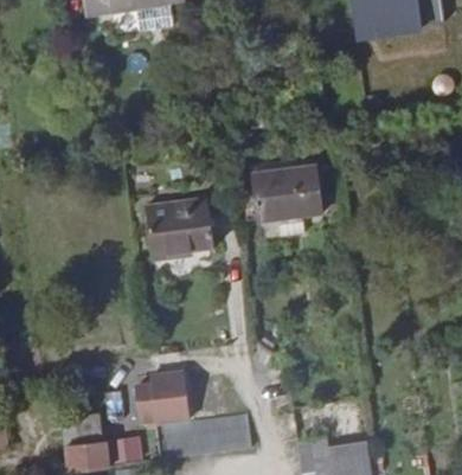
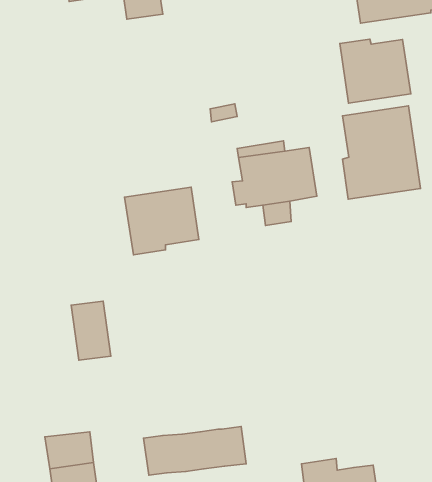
building: none -> [340,39,411,103]
building: none -> [343,106,421,199]
building: [149,364,186,418] -> [71,301,111,360]

